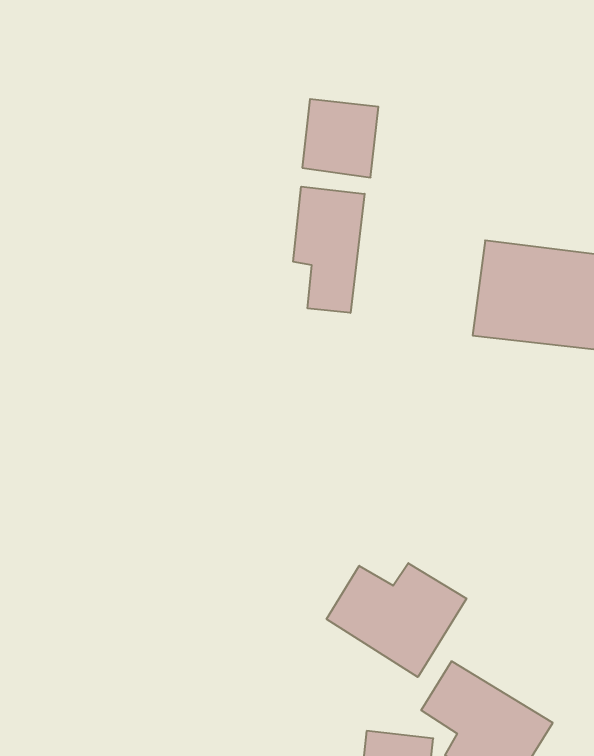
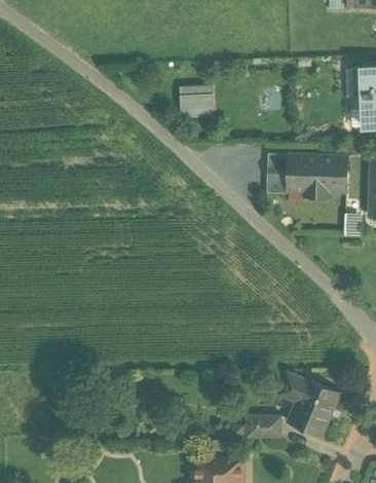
building: [293,187,365,313] -> none
building: [327,563,466,677] -> none

